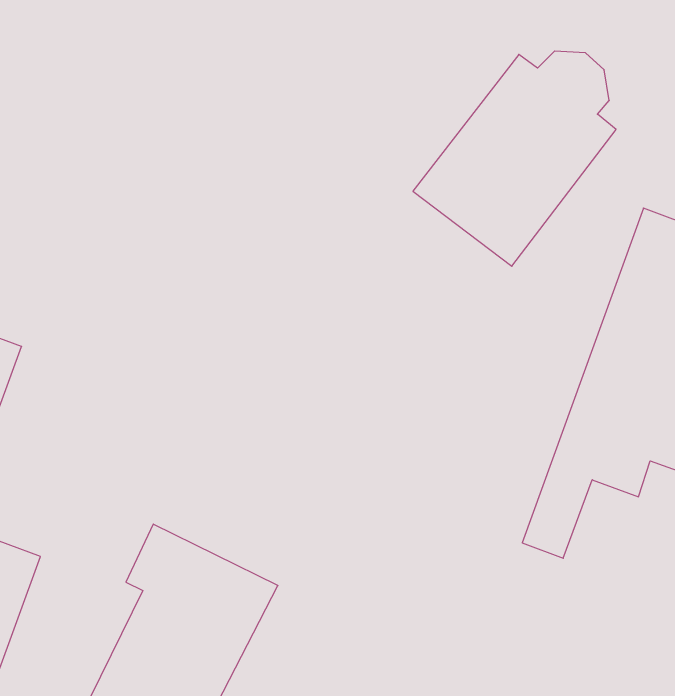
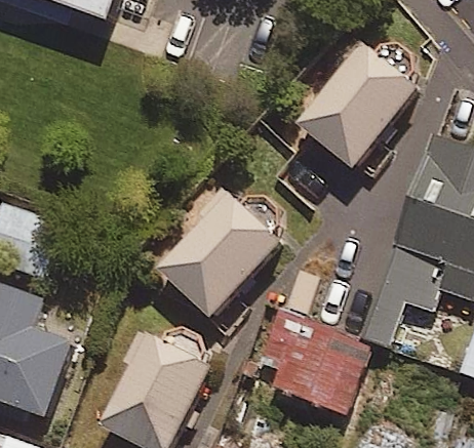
building: none -> [157,188,281,320]
building: none -> [247,309,367,411]

